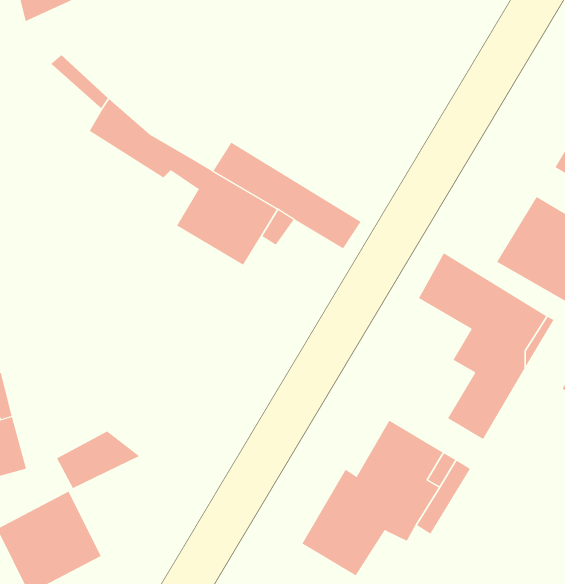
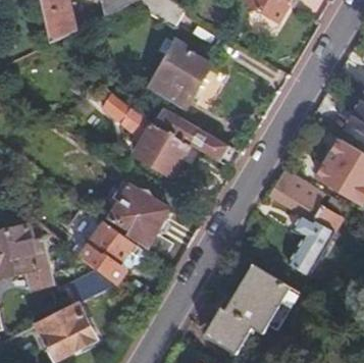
building: none -> [153,37,213,105]
building: none -> [108,182,170,243]
building: none -> [79,221,139,279]

